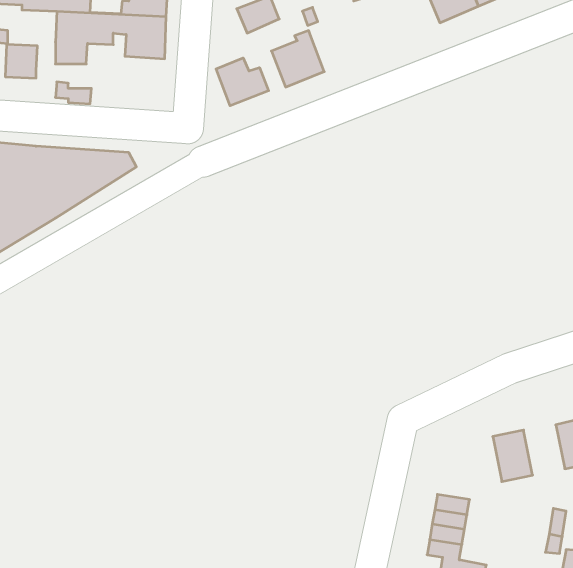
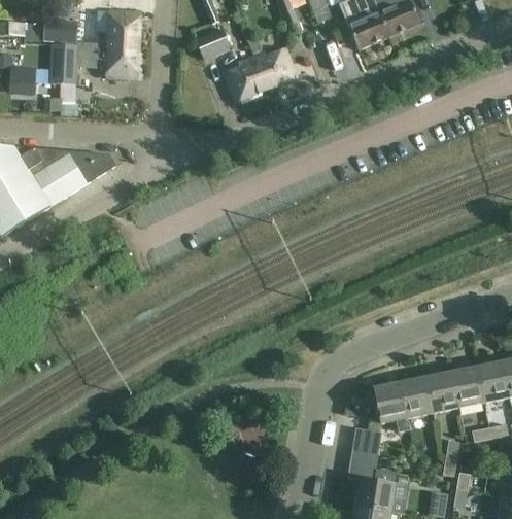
building: none -> [252,46,297,88]
building: [216,58,269,106] -> none
building: none -> [424,371,457,411]
building: none -> [374,380,407,421]

